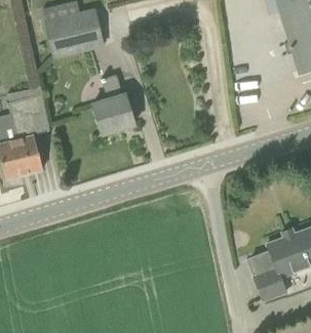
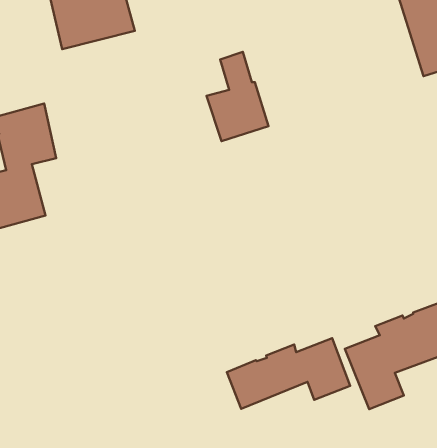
building: [92,75,134,135] -> [207,52,269,141]
building: none -> [227,338,350,409]

